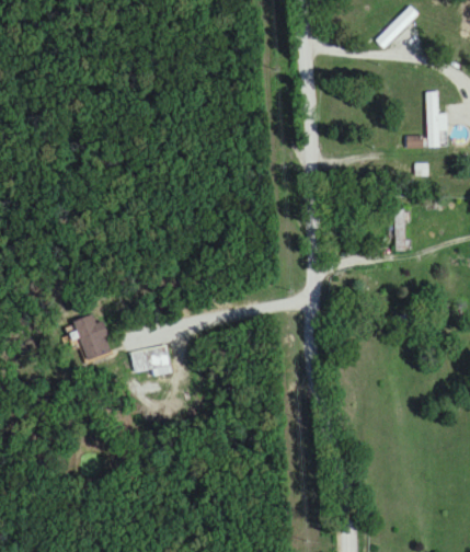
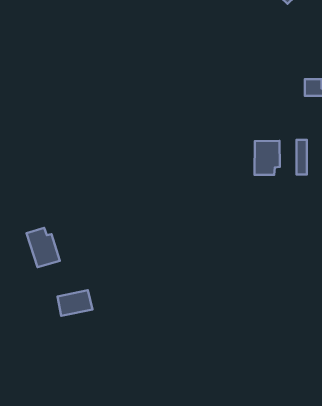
building: none -> [255,141,280,175]
building: [130,344,172,375] -> [58,290,92,316]

